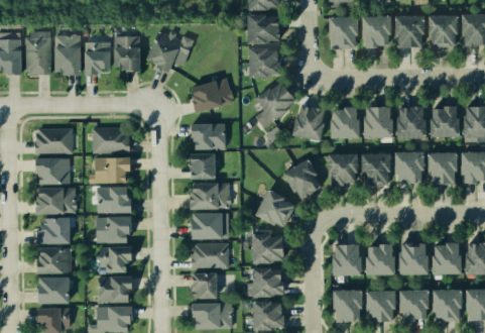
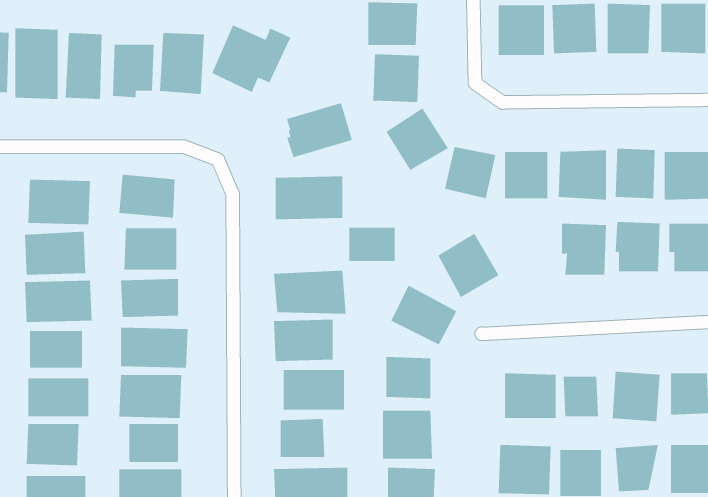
building: [332,154,362,185] -> none
building: [190,156,219,178] -> [348,227,396,261]

